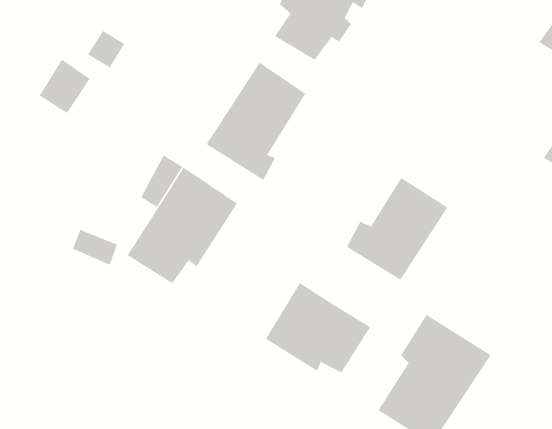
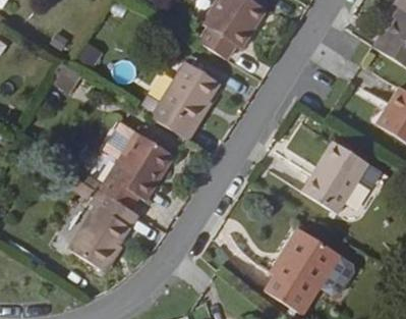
building: [346,177,448,280] -> [304,146,372,215]
building: none -> [69,191,138,271]
building: [265,282,371,373] -> none

